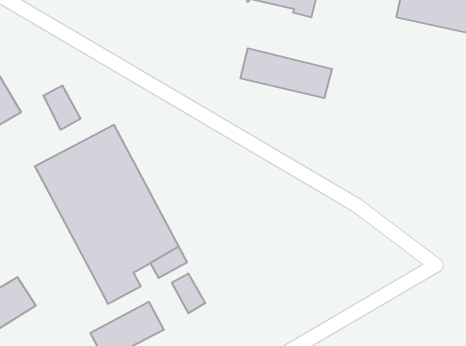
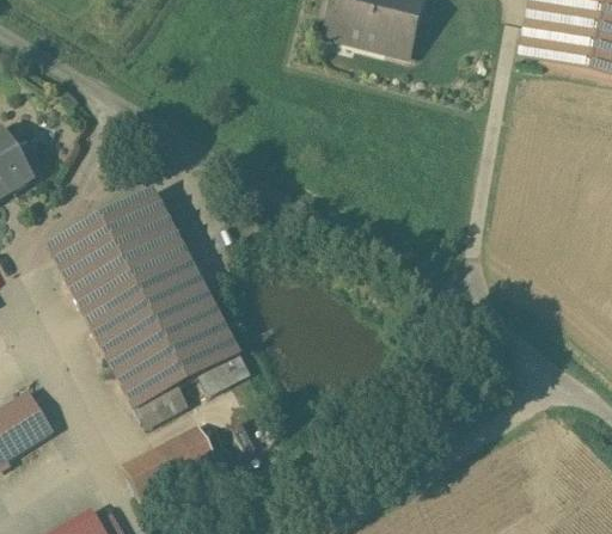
building: [240,48,332,98] -> none
building: [43,85,81,130] -> none
building: [172,273,205,313] -> none

